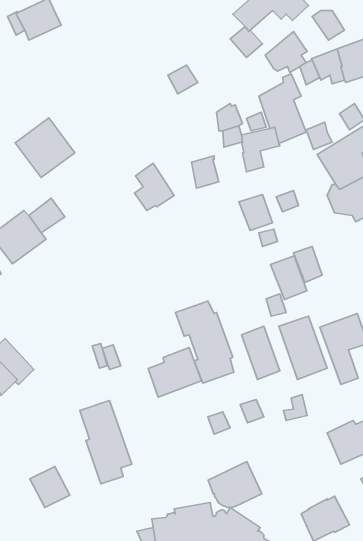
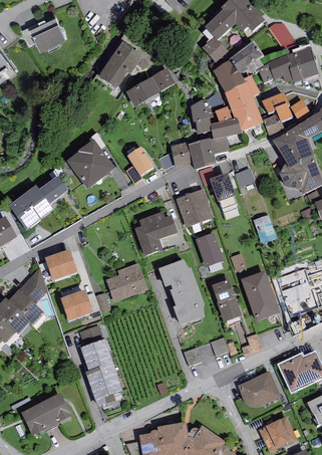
building: none -> [98,41,143,87]
building: none -> [213,59,245,92]
building: none -> [125,75,160,106]
building: none -> [262,92,293,122]
building: [15,118,75,178] -> [66,140,114,188]
building: none -> [188,138,217,168]
building: none -> [176,188,214,227]
building: none -> [134,211,178,255]
building: [271,256,307,299] -> [195,232,224,267]
building: none -> [44,249,77,280]
building: none -> [20,268,47,303]
building: none -> [60,289,93,320]
building: [148,347,202,397] -> [105,262,148,302]
building: [208,462,262,507] -> [238,370,281,407]
building: none -> [20,402,52,435]

